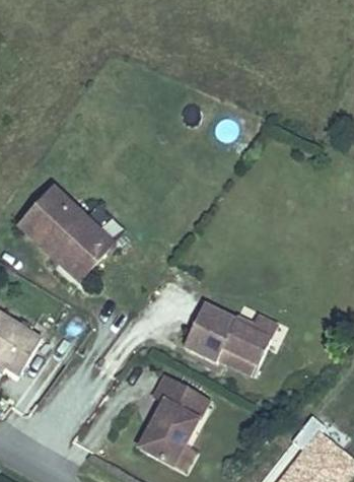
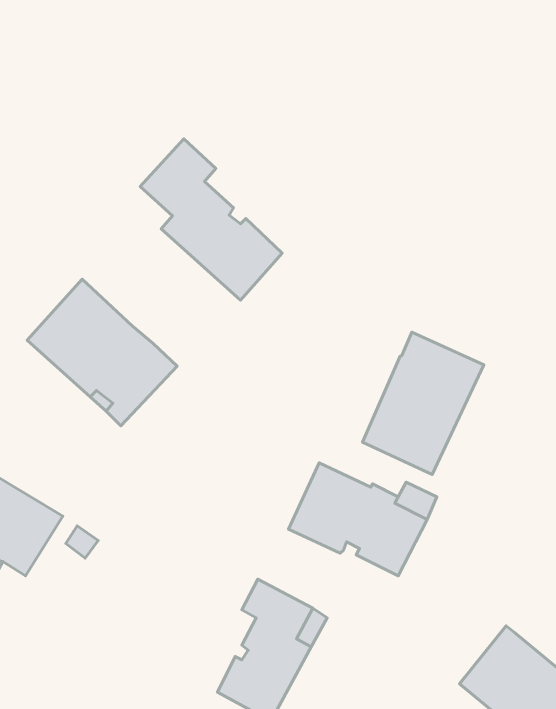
building: none -> [140,139,282,300]
building: none -> [362,332,484,475]

